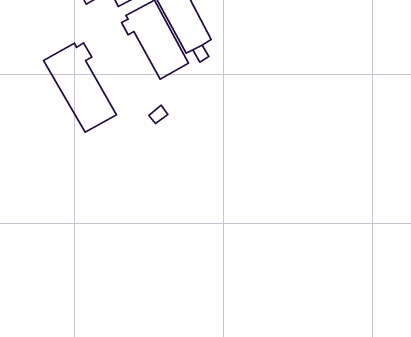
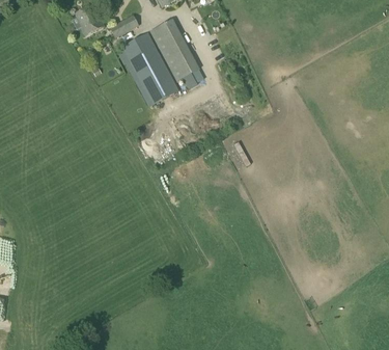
building: [43,43,116,132] -> none

